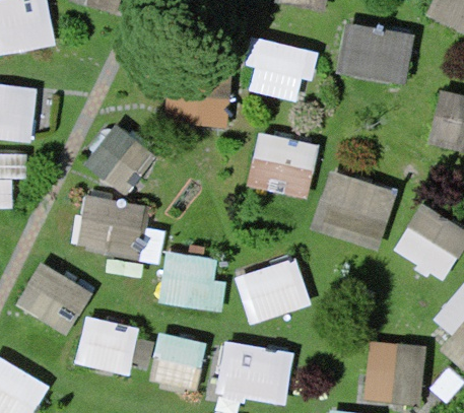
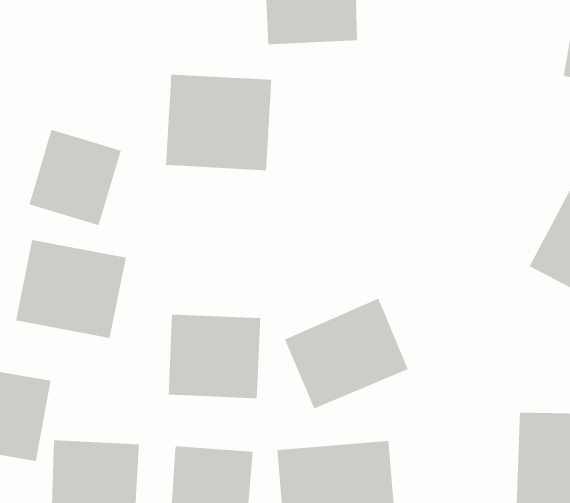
building: [247,132,320,200] -> [165,74,272,171]
building: [312,169,399,252] -> none

